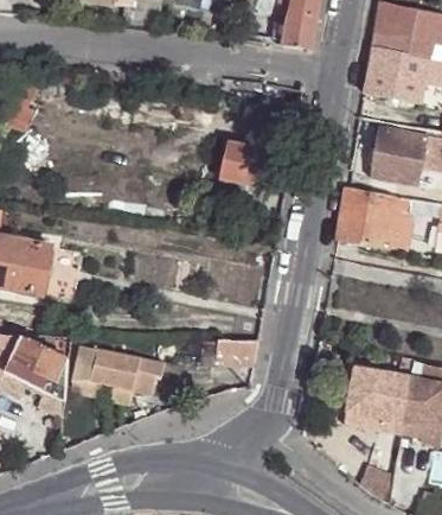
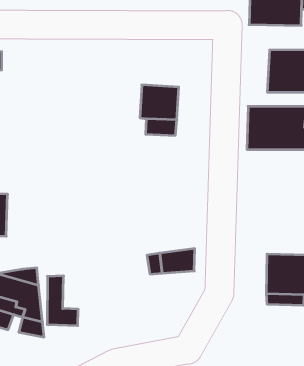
building: [94,349,167,413] -> none

